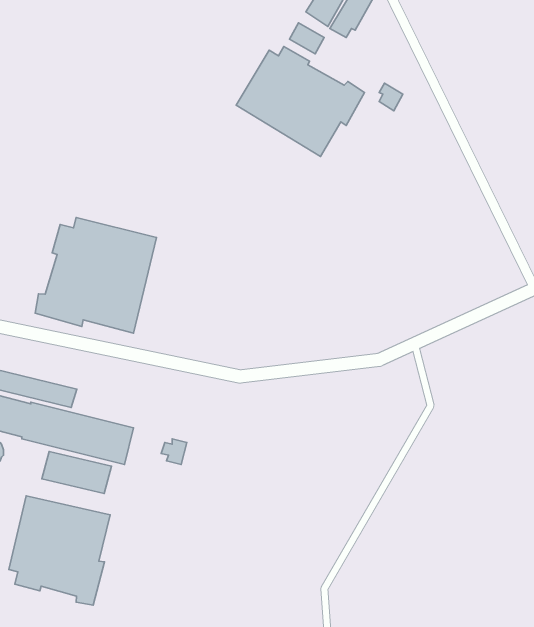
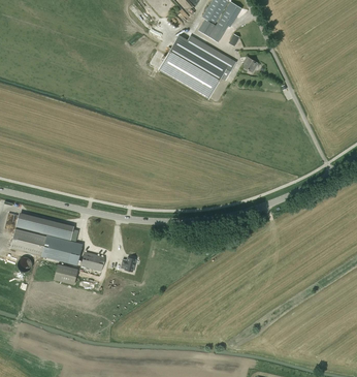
building: [35,217,157,333] -> none
building: [9,496,110,605] -> none

